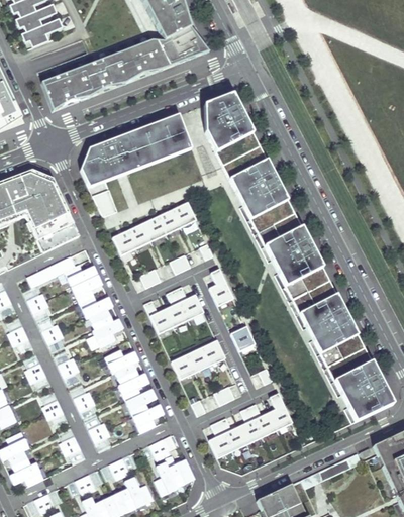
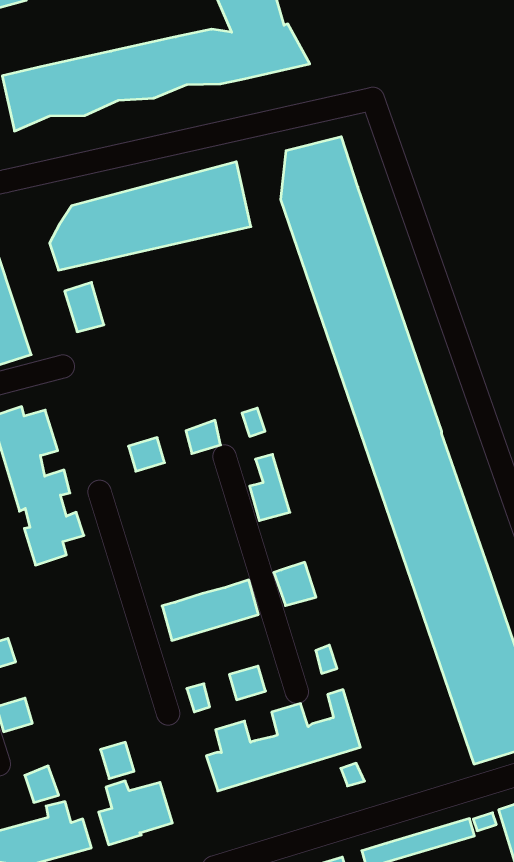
building: [112,201,196,254] -> none
building: [144,287,204,334] -> none
building: [104,348,164,433] -> none

